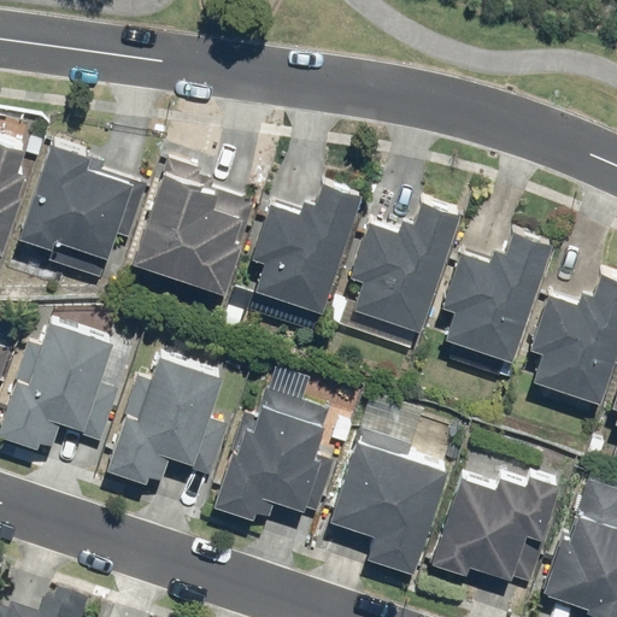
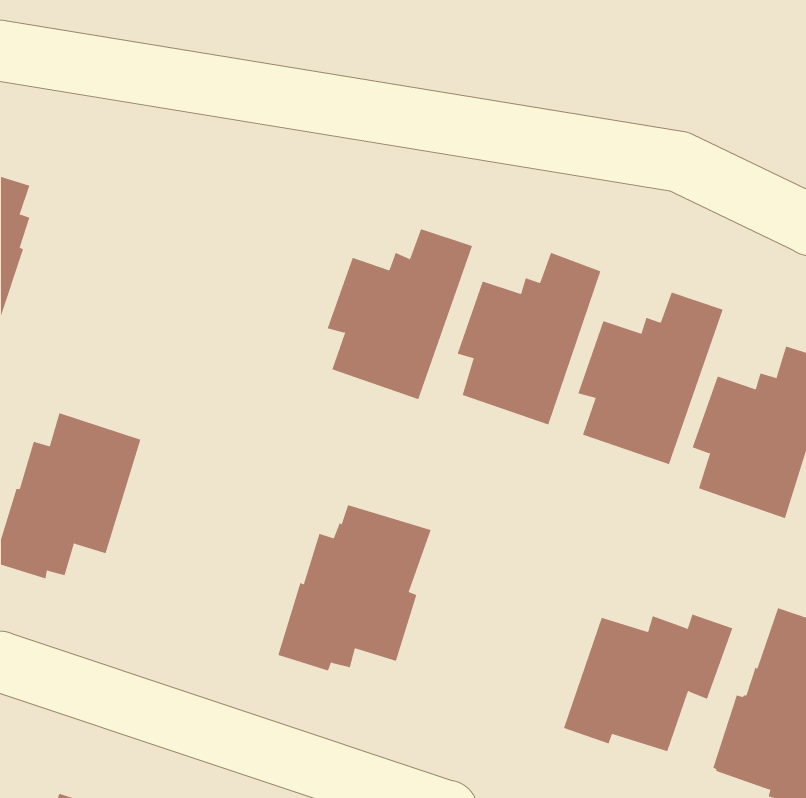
building: [18,143,134,281] -> none
building: [134,161,258,295] -> none
building: [107,358,222,484] -> none
building: [330,430,447,575] -> none

